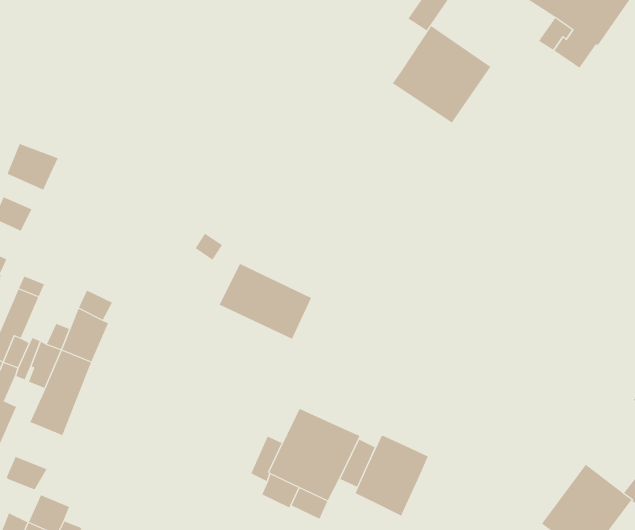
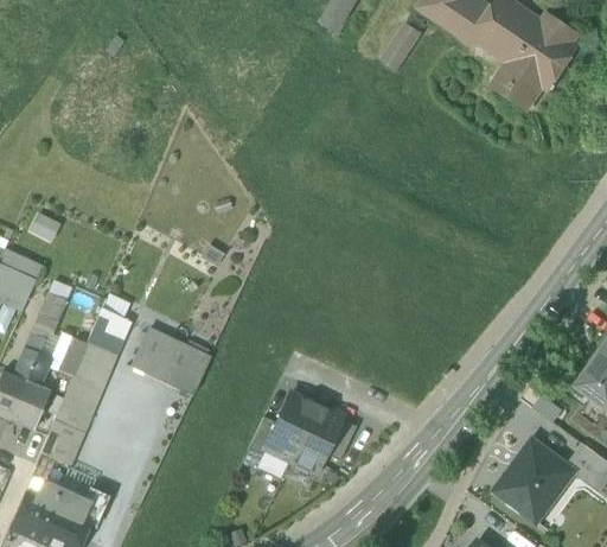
building: [392,25,491,124] -> none
building: [7,143,58,190] -> none
building: [219,263,312,340] -> [129,330,209,395]
building: none -> [47,405,88,445]
building: [355,435,429,516] -> none

